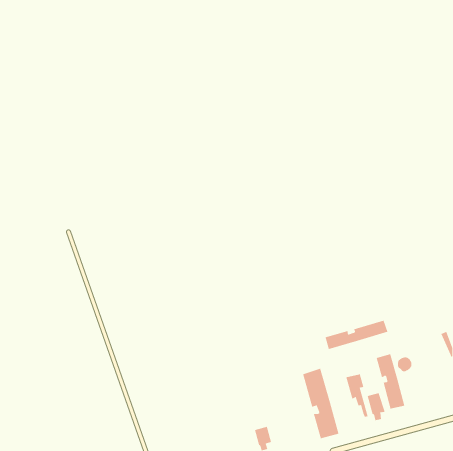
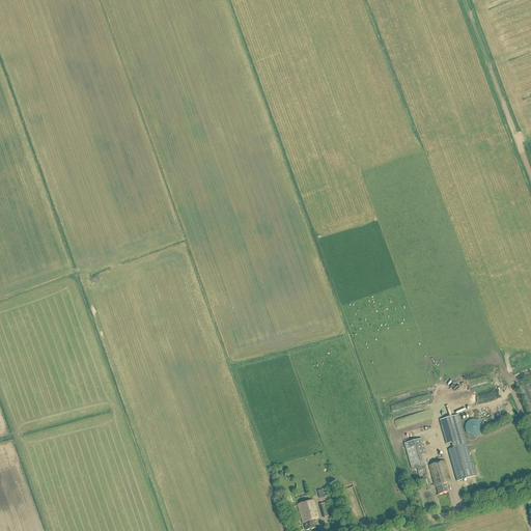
building: [325,320,388,350] -> none
building: [302,368,339,439] -> none

